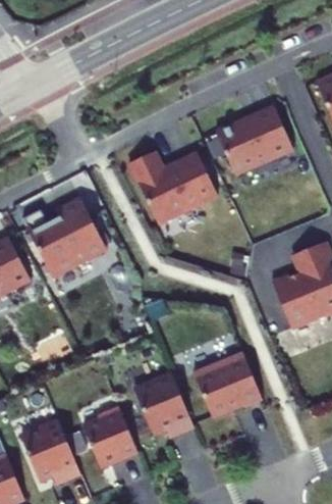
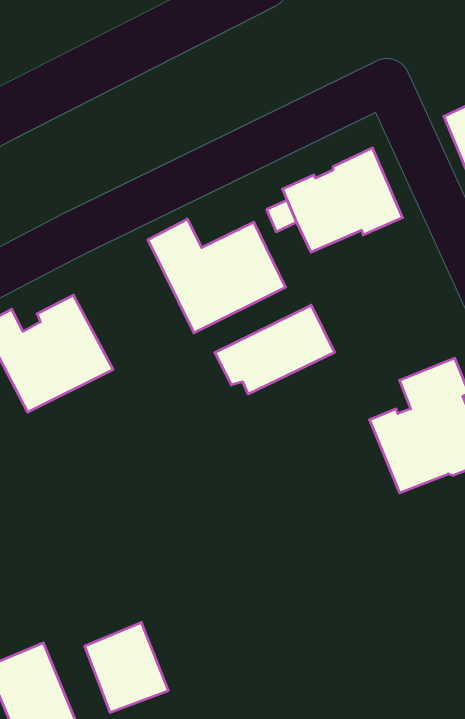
building: none -> [215,305,334,394]
building: [193,355,265,423] -> none
building: [132,371,192,437] -> none

